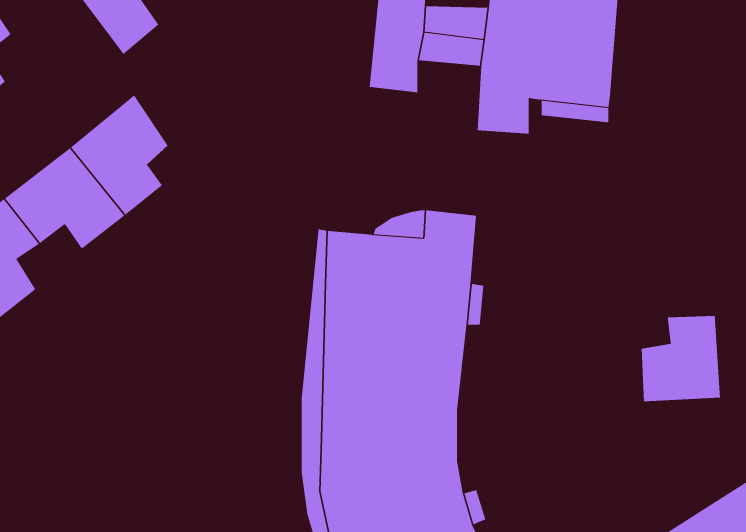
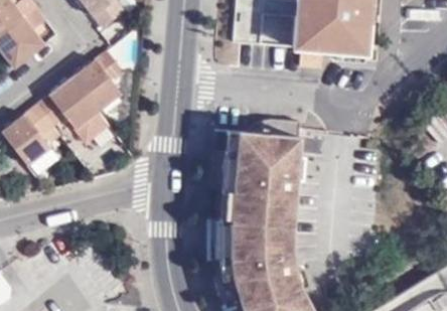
building: [641,315,720,402] -> none

